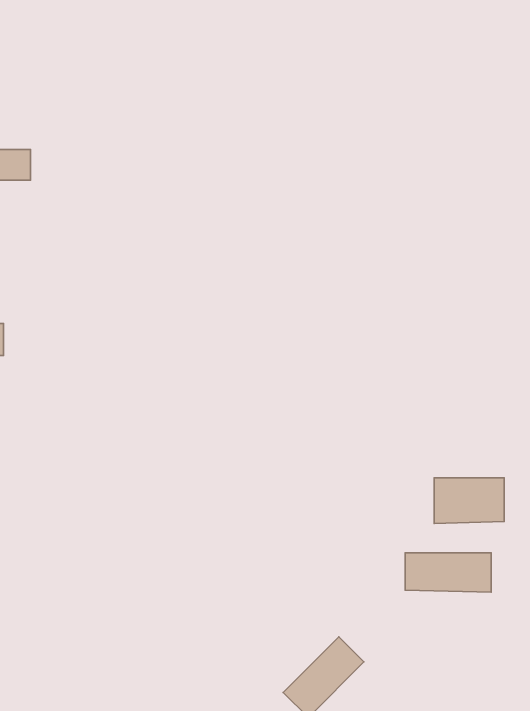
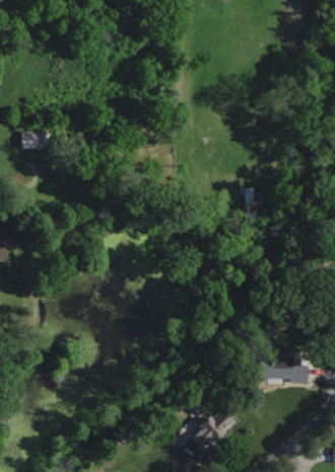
building: [434,478,504,524] -> none

